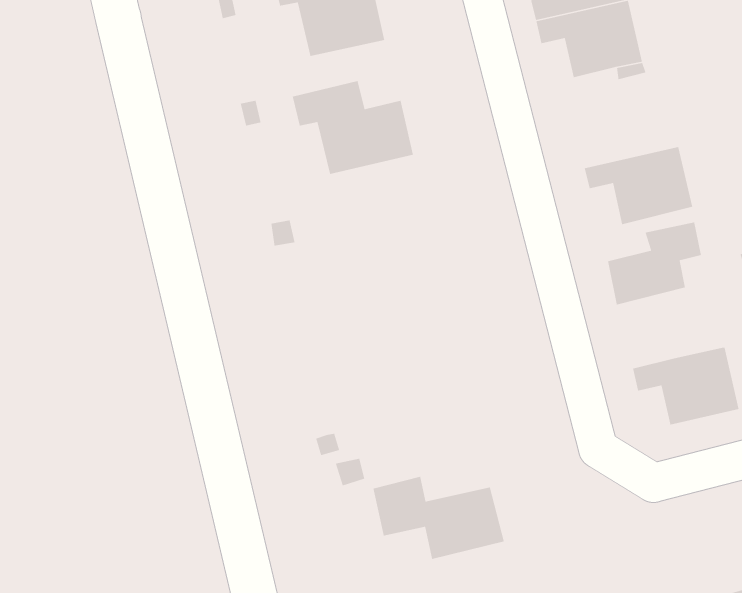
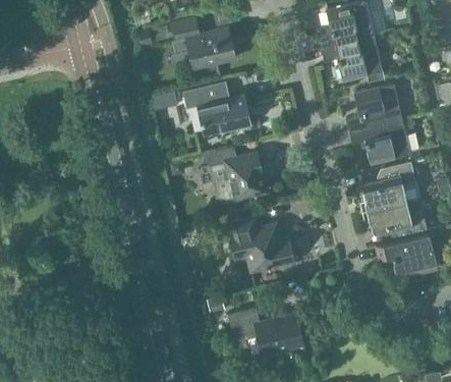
building: none -> [345,85,402,132]
building: none -> [205,148,267,204]
building: none -> [367,201,428,240]
building: none -> [227,218,294,271]

